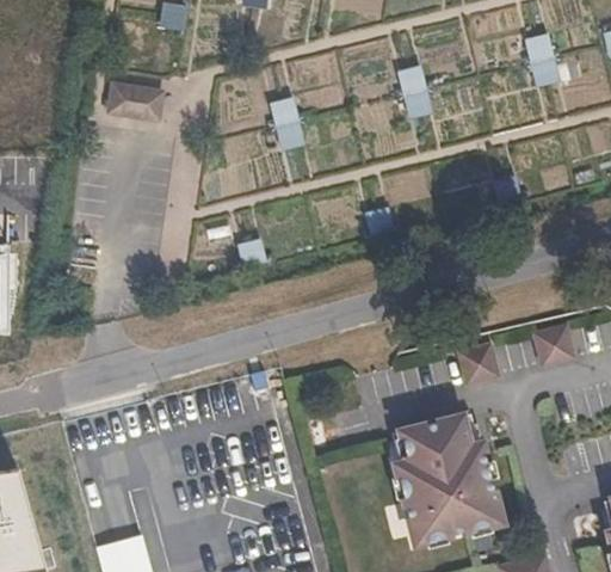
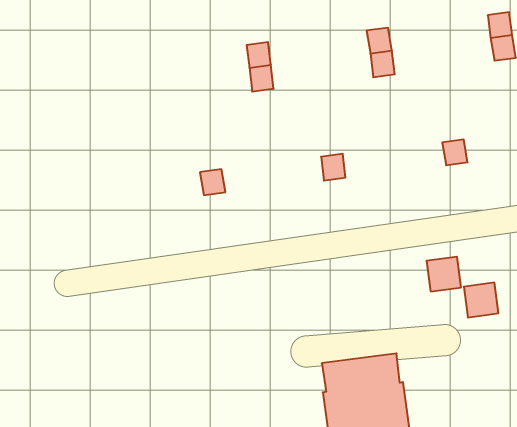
building: [106,81,163,122] -> none
building: [458,344,499,385] -> [426,257,461,291]

